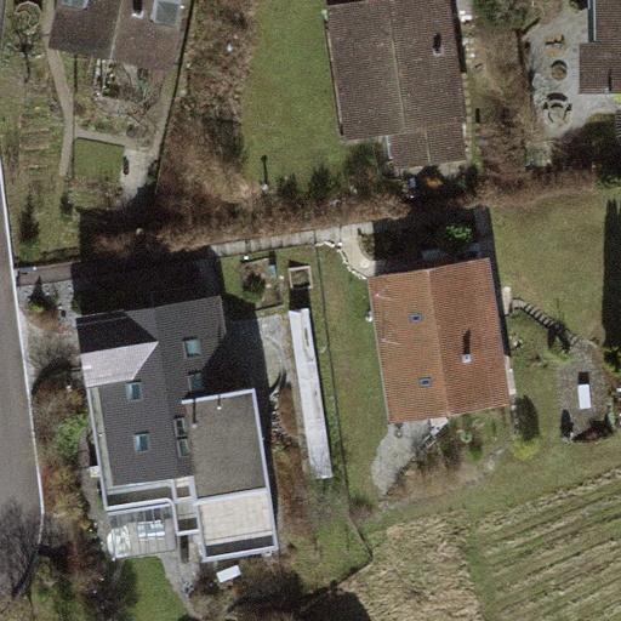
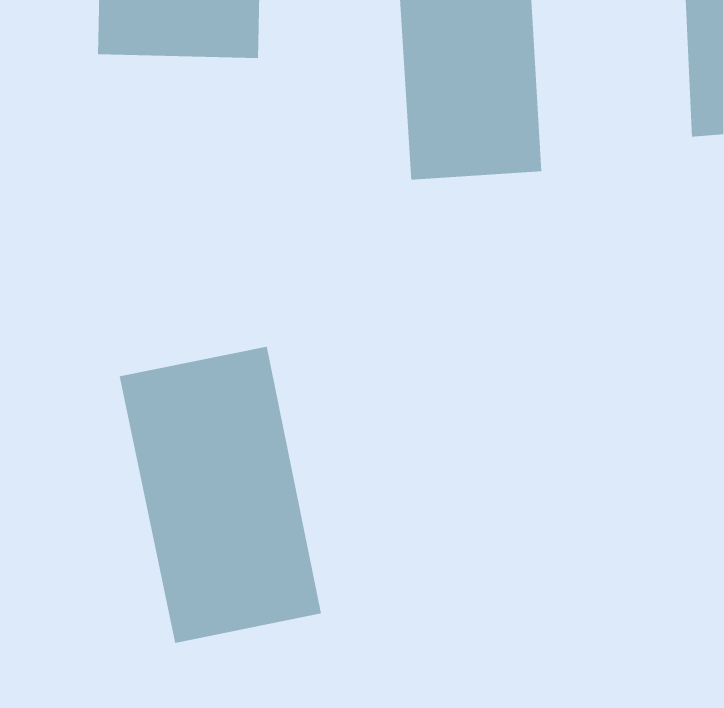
building: [375,247,498,420] -> none

